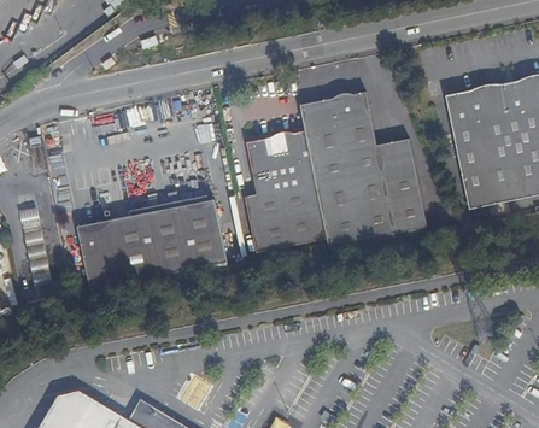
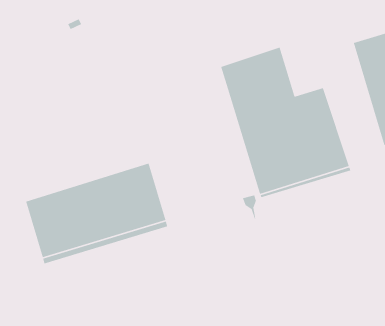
building: [245,129,327,252] -> none

